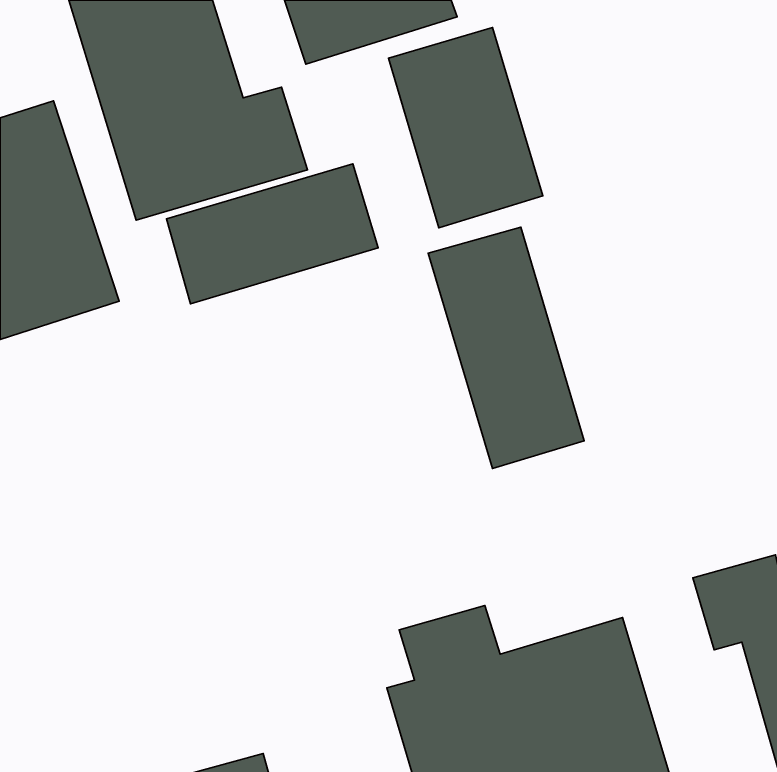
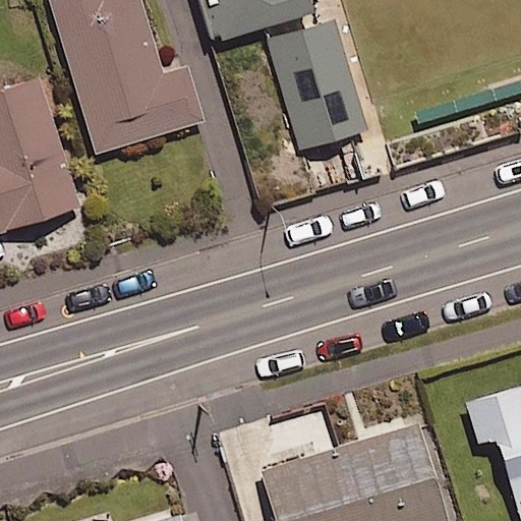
building: [167,164,378,304] -> none
building: [428,227,584,468] -> none

